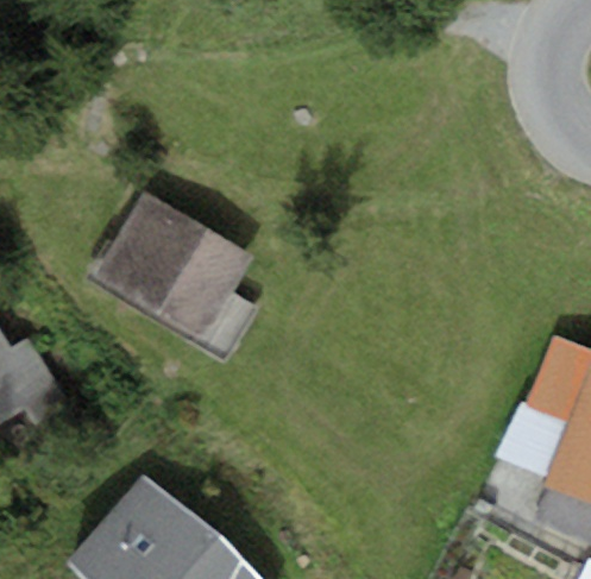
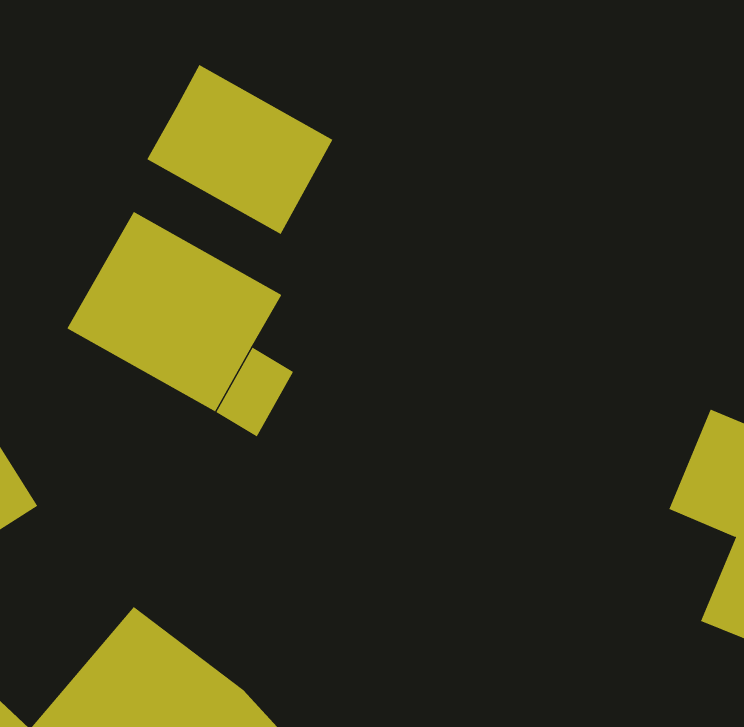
building: none -> [147,64,333,235]

